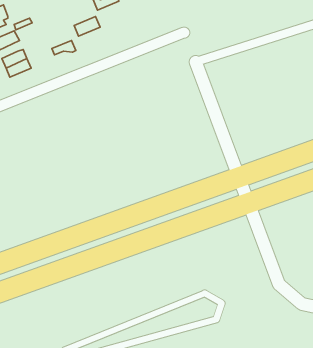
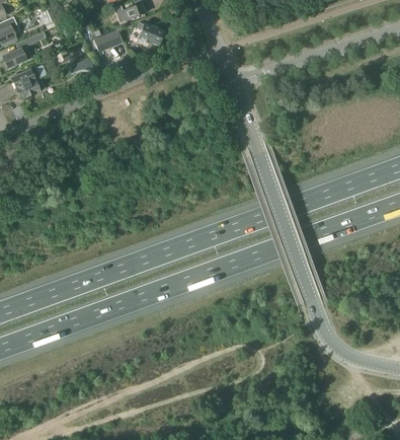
building: none -> [136,21,162,45]

